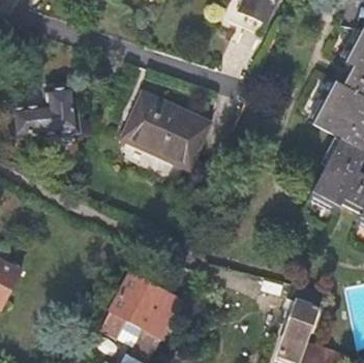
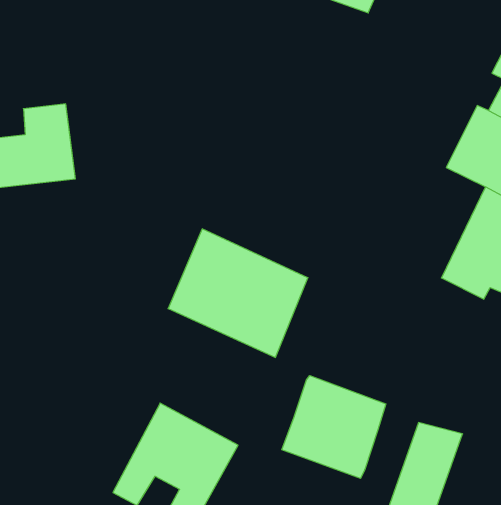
building: [121,88,210,170] -> [168,229,308,357]
building: none -> [282,376,386,478]

